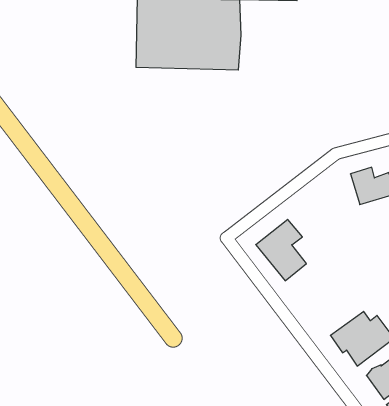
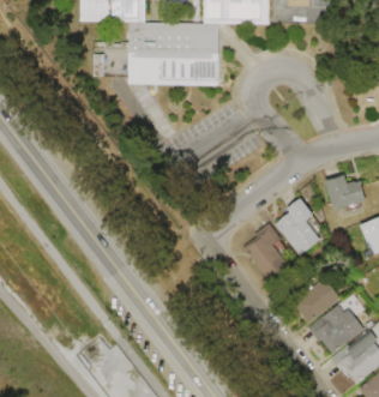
building: none -> [272,197,319,255]
building: none -> [289,278,338,324]

